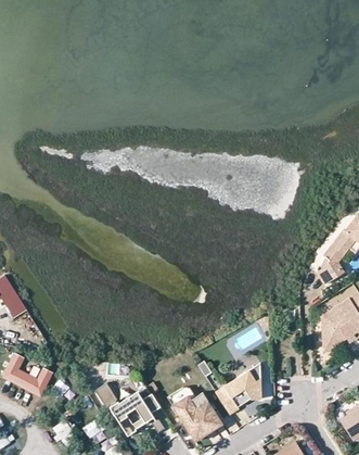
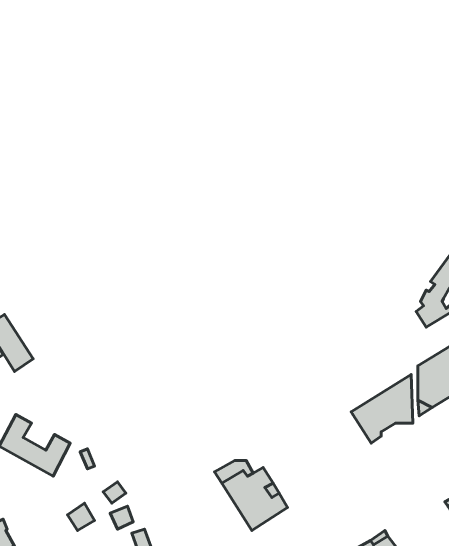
building: [213,362,259,414] -> [351,375,413,443]
building: [94,383,164,435] -> none

